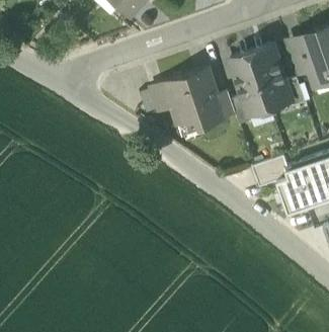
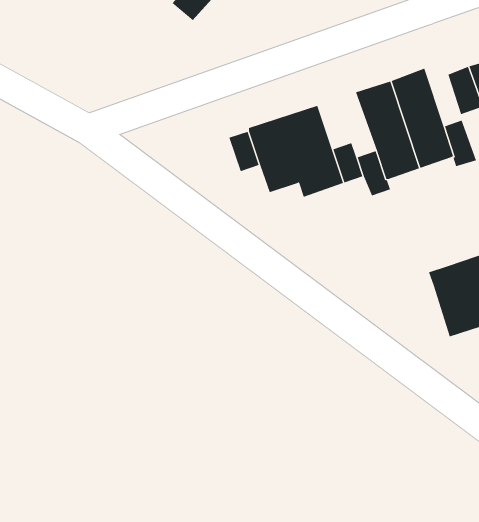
building: [254,156,289,187] -> none

